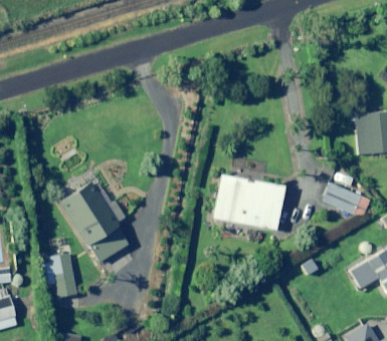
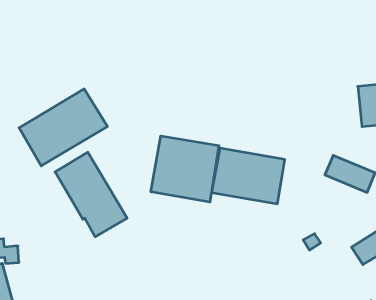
building: none -> [19,89,107,166]
building: none -> [151,136,219,202]
building: [46,255,76,297] -> none

